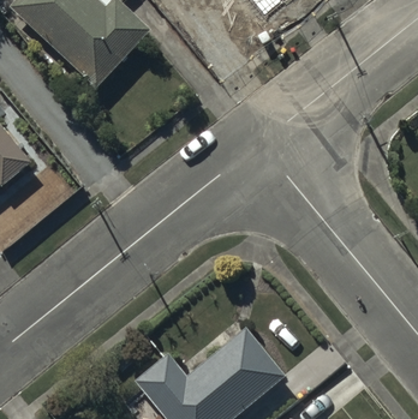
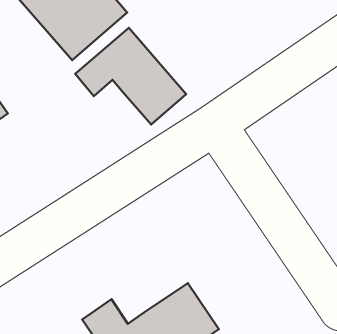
building: none -> [75,28,186,125]

